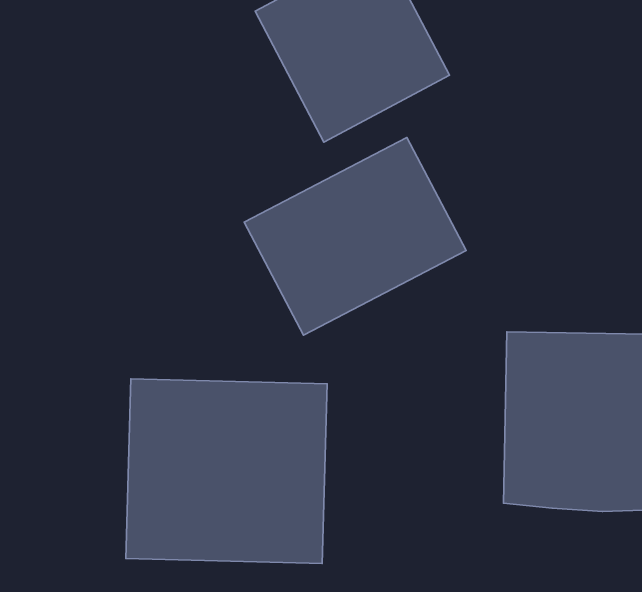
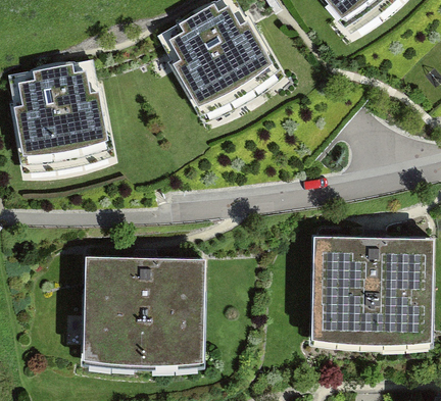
building: none -> [10,63,109,162]
building: [244,137,466,335] -> none

